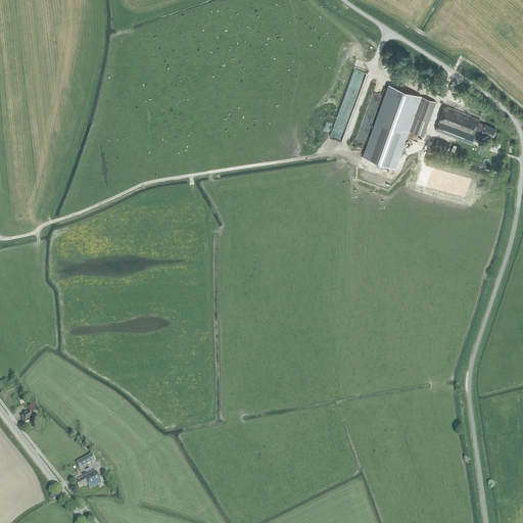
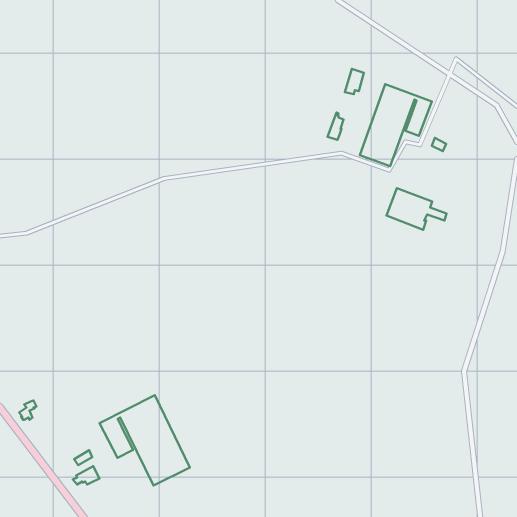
building: [434,104,494,146] -> [387,188,446,230]
building: none -> [99,395,190,485]

